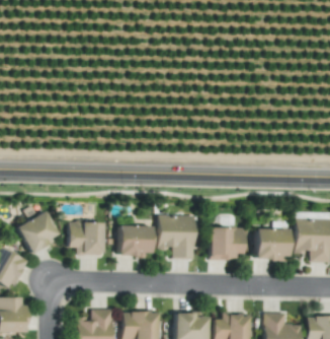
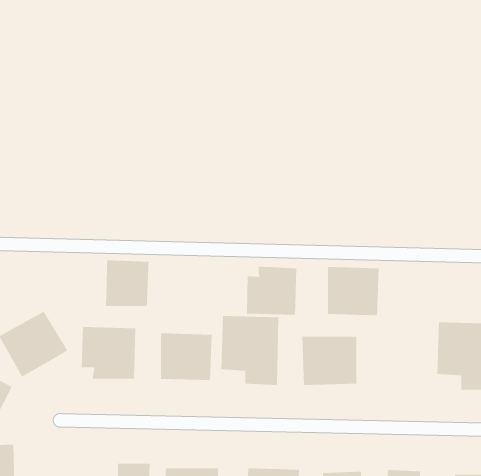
building: none -> [105,259,149,307]
building: none -> [246,266,297,315]
building: [256,228,290,260] -> [327,266,379,316]

